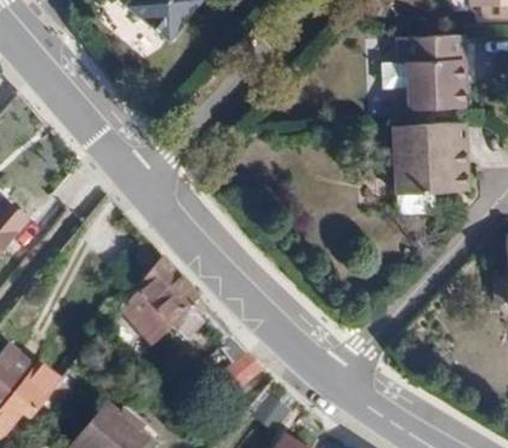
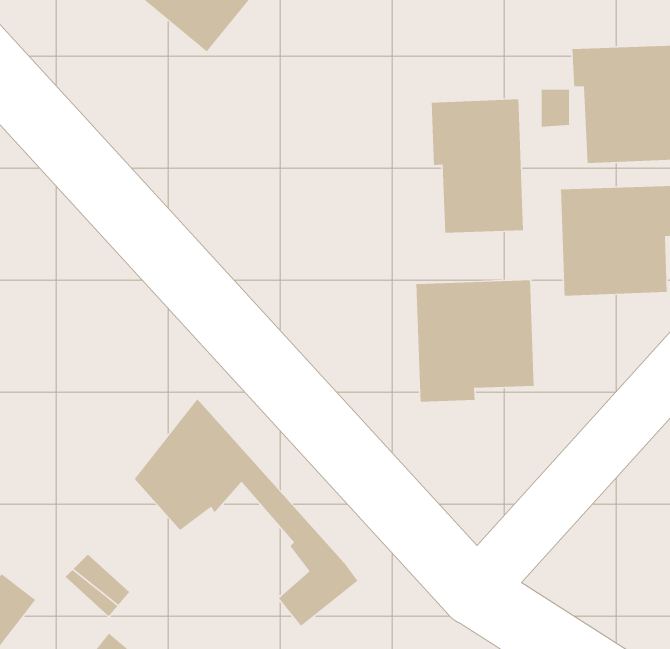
building: none -> [431,99,524,234]
building: none -> [415,280,534,402]

